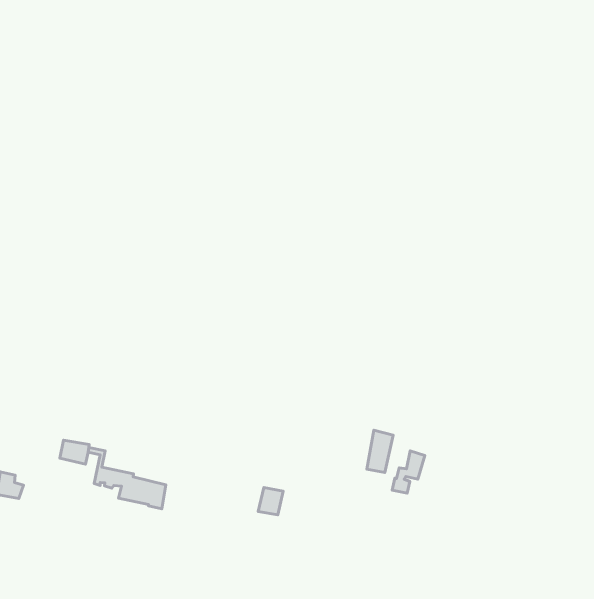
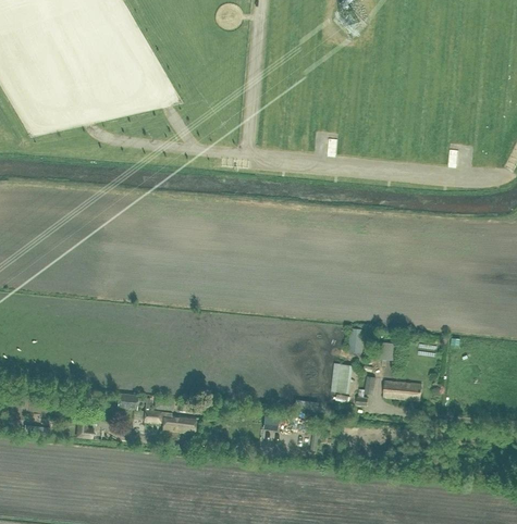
building: none -> [382,379,420,400]

